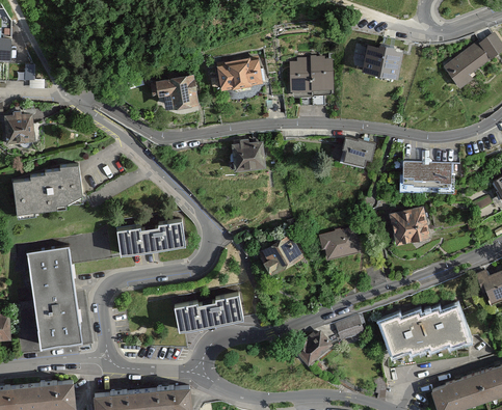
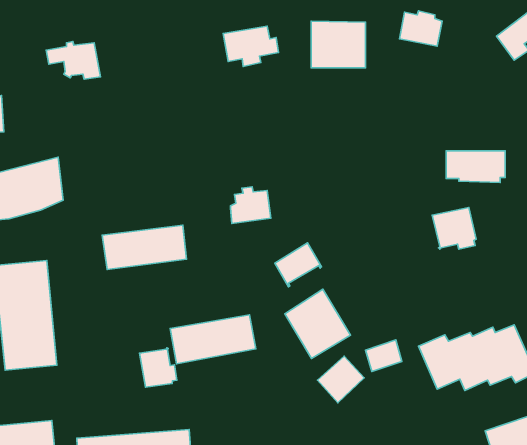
building: [150,75,194,106] -> [46,41,100,79]
building: [341,136,373,165] -> none
building: [229,138,262,168] -> [231,187,271,223]
building: [319,227,356,255] -> none
building: none -> [285,289,350,358]
building: none -> [139,348,177,387]

